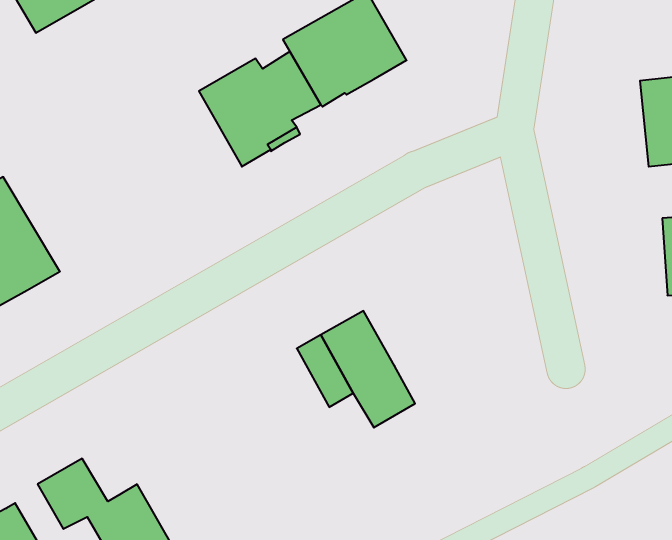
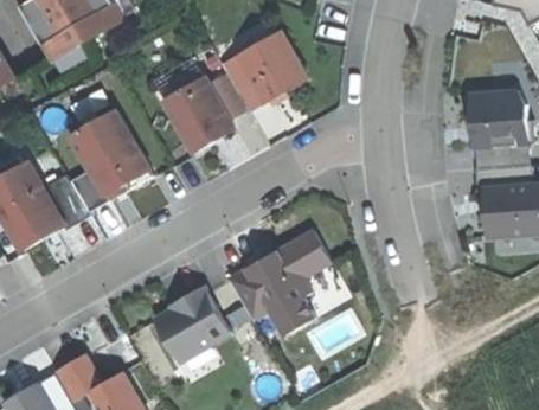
building: none -> [66,109,152,212]
building: none -> [276,231,328,289]
building: none -> [150,288,230,366]

